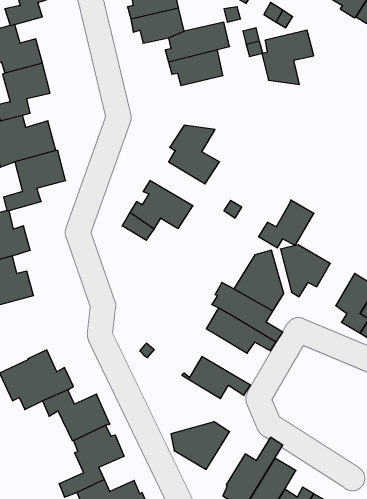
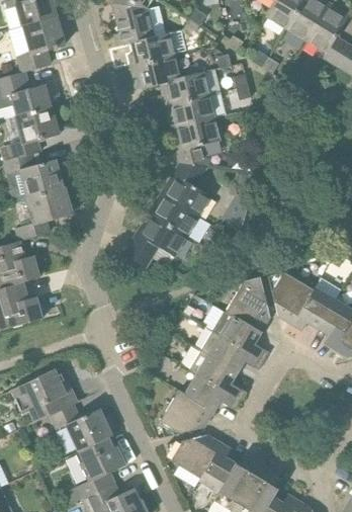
building: [262,30,314,84] -> [174,117,222,167]
building: none -> [149,196,199,237]
building: [259,200,314,248] -> [285,286,336,330]
building: none -> [189,349,246,401]
building: none -> [161,392,213,437]
building: none -> [199,443,236,492]

